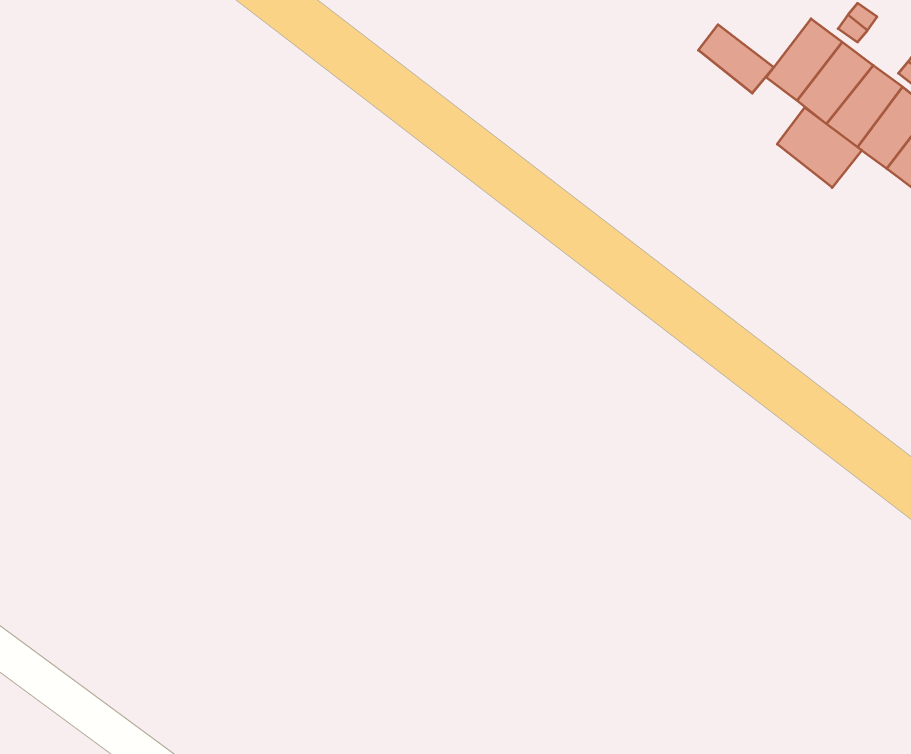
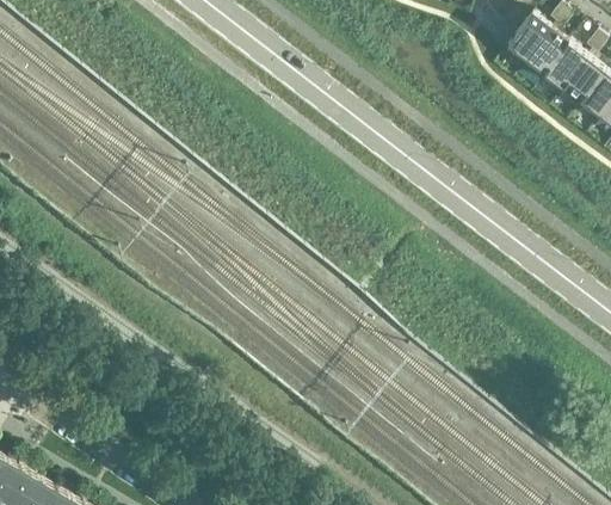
building: [698,25,774,93] -> none
building: [777,108,862,188] -> none

